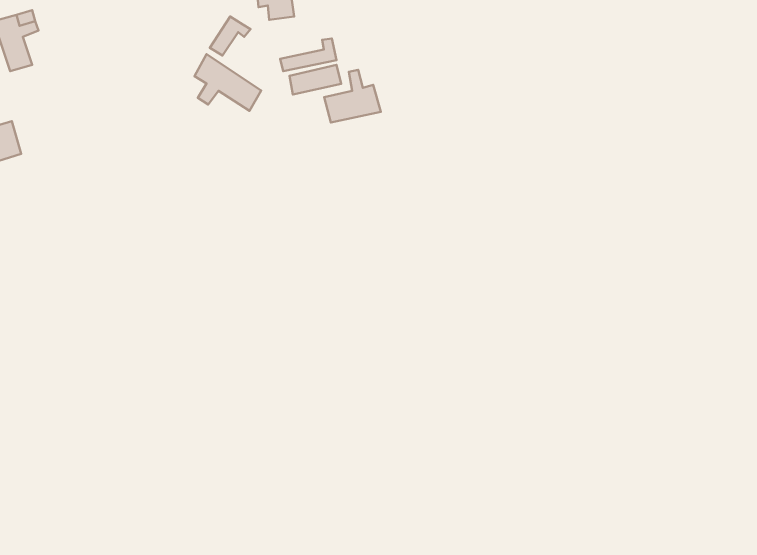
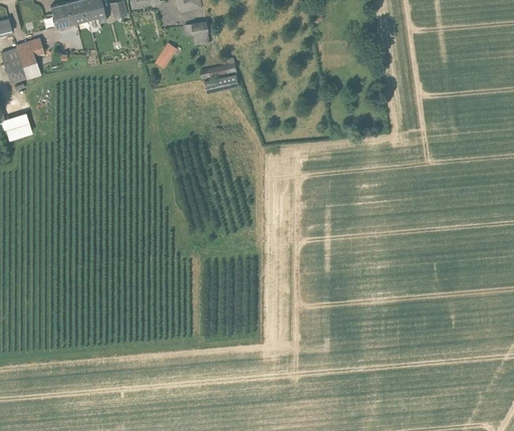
building: [194,54,261,111] -> none
building: [324,70,381,122] -> none

